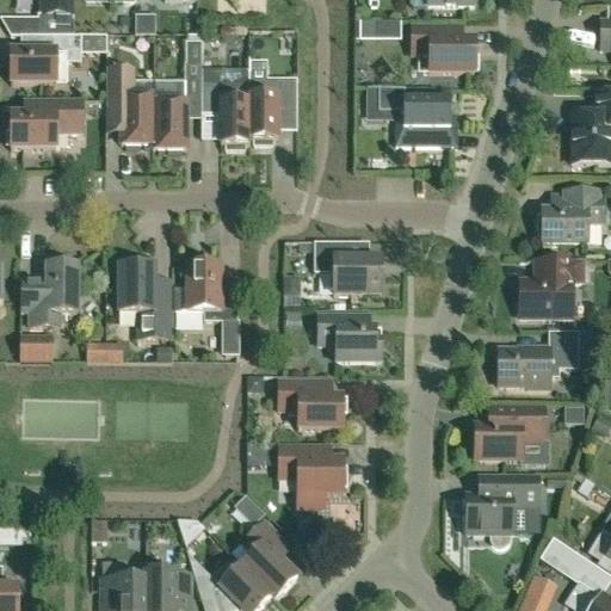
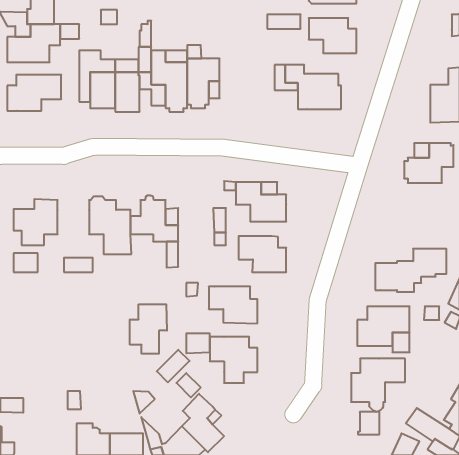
building: [516,258,584,315] -> none
building: none -> [130,304,167,354]
building: none -> [157,350,190,382]
building: [510,506,538,536] -> [358,412,379,434]

